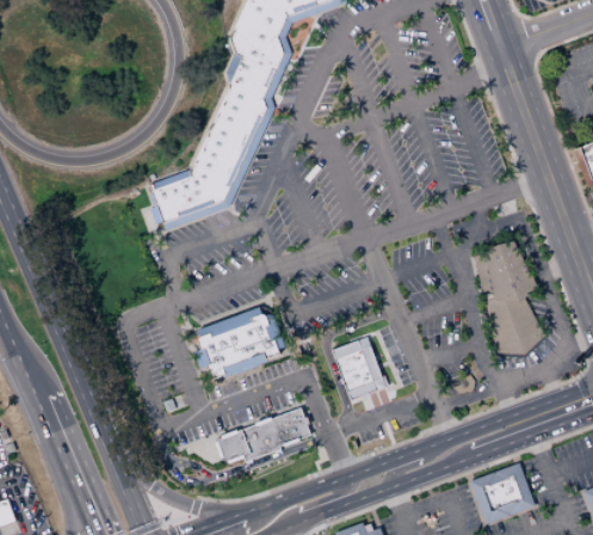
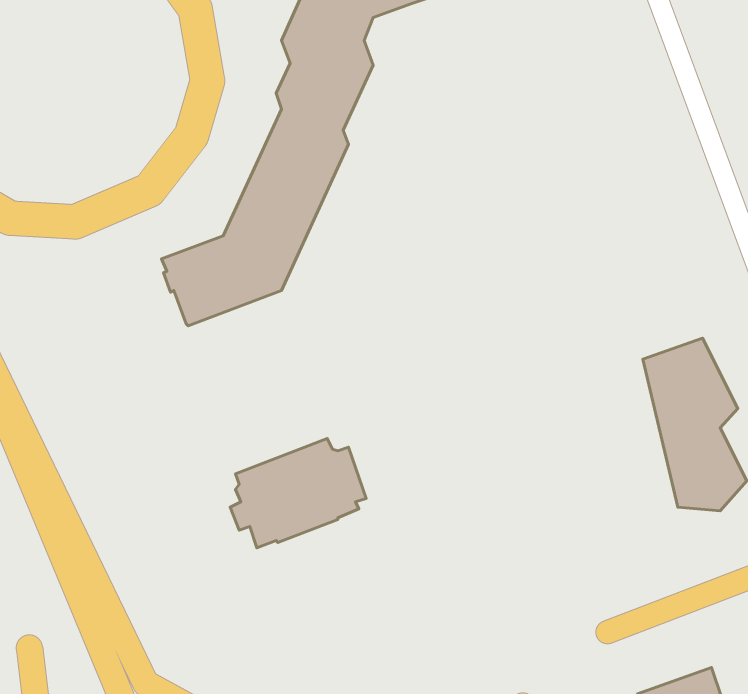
building: [319,333,390,408] -> none
building: [216,407,311,462] -> none

